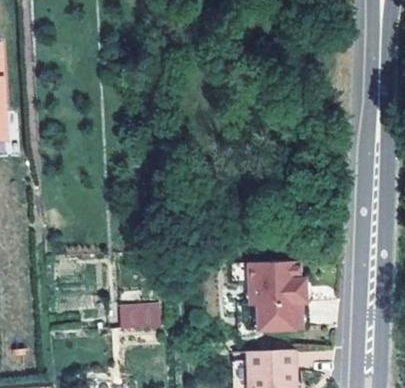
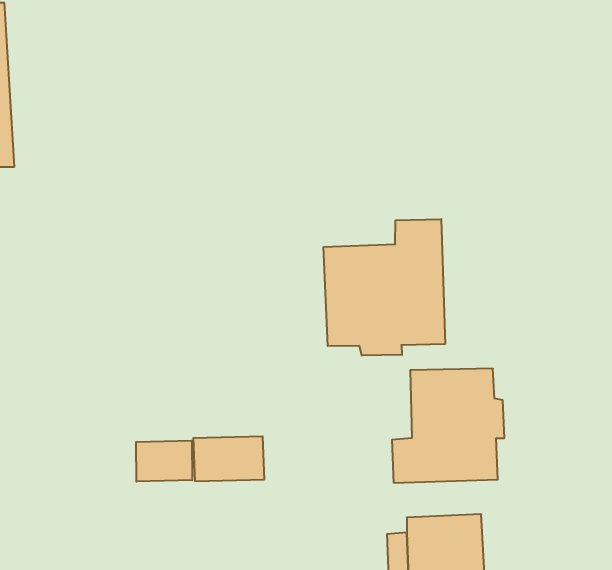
building: none -> [324,219,445,356]
building: none -> [136,441,192,482]

